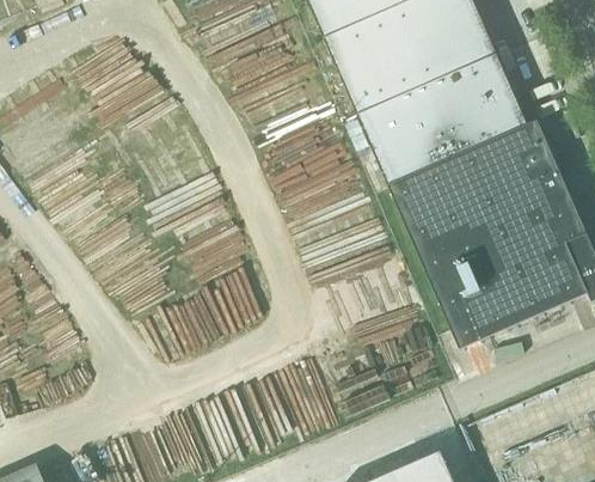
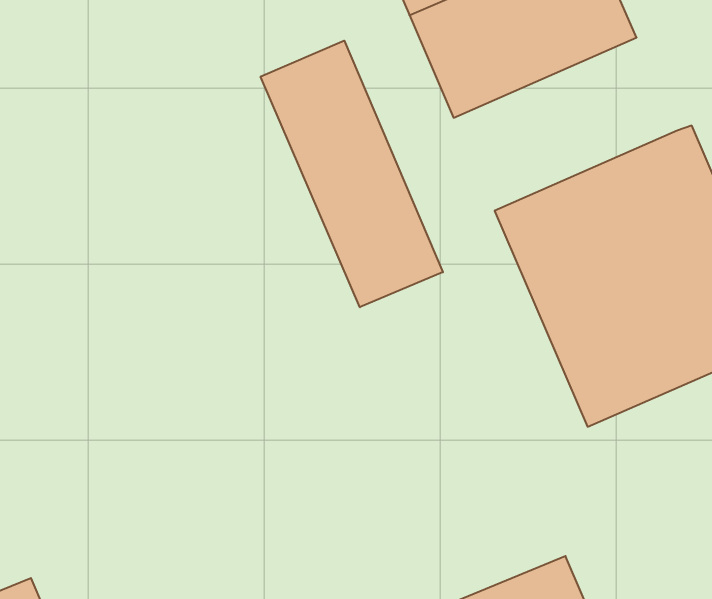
building: [358,55,528,187] -> none
building: none -> [261,41,443,307]

